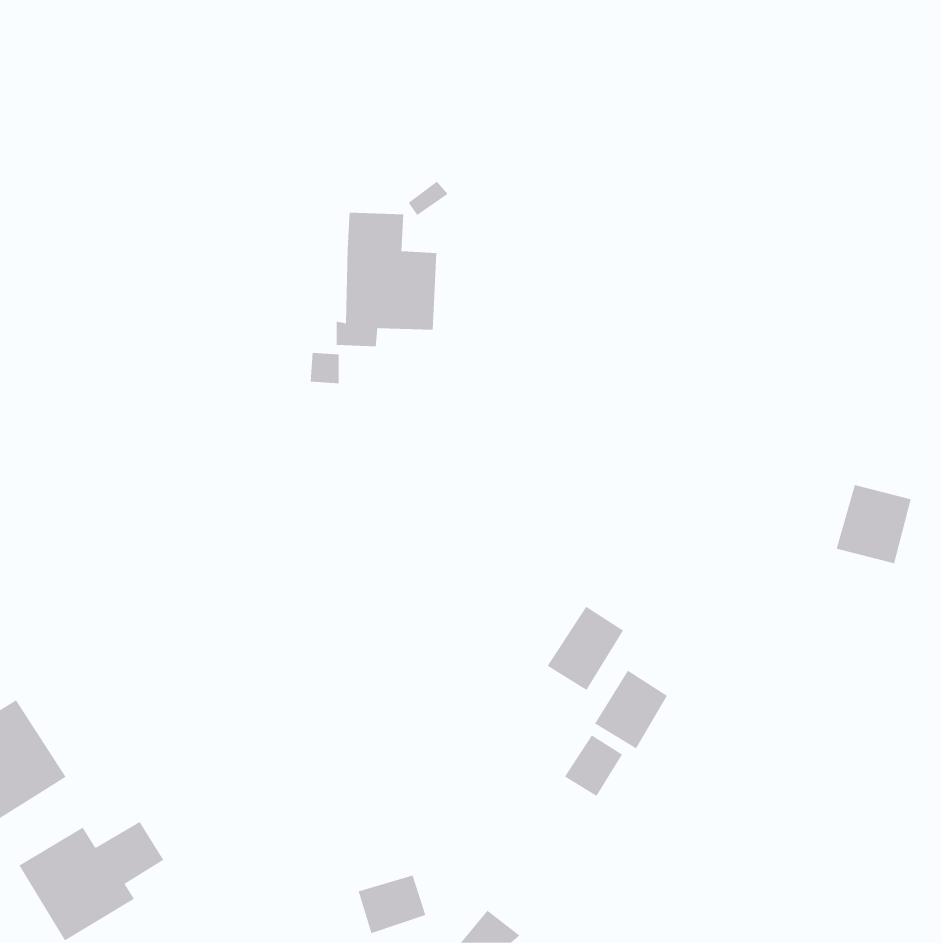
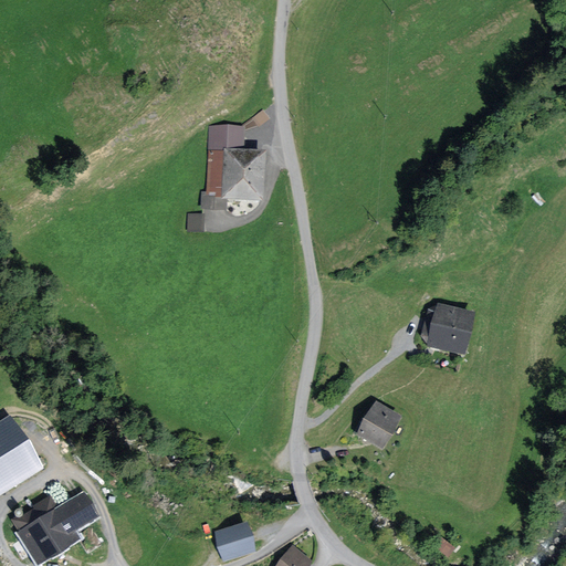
building: [836,484,911,564] -> [428,304,473,352]
building: [547,606,624,691] -> none
building: [564,735,623,797] -> none

